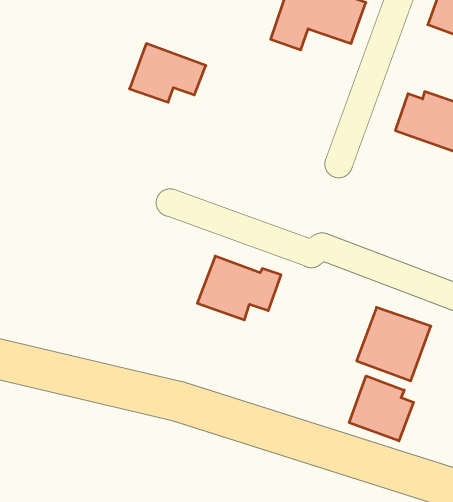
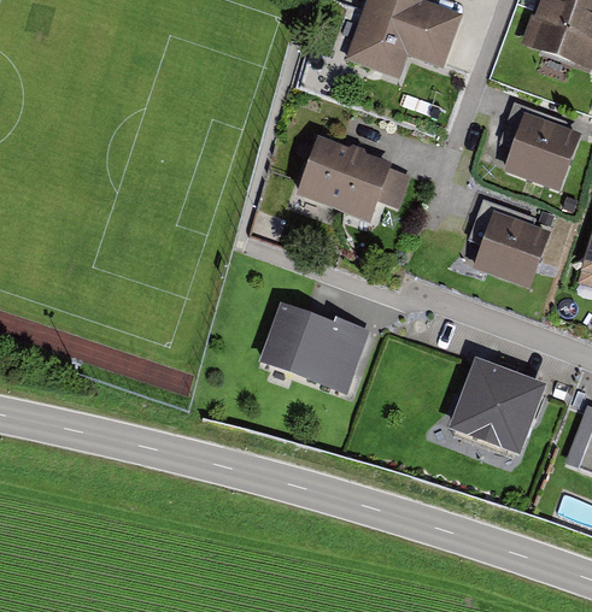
building: [129,44,206,102] -> [303,141,391,208]
building: none -> [479,201,550,283]
building: [349,376,414,441] -> none

